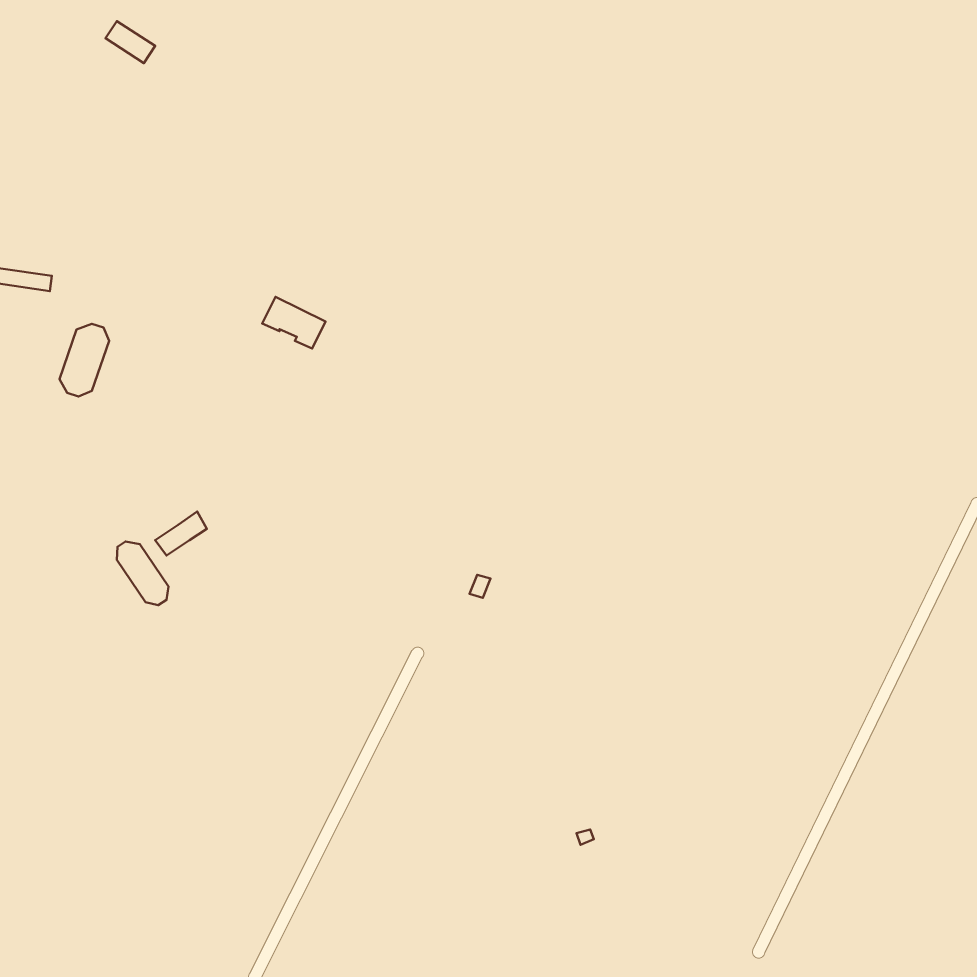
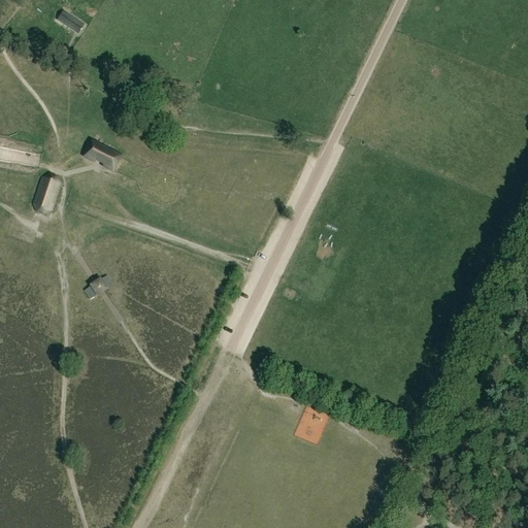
building: [262,297,325,348] -> [85,142,119,170]
building: [117,541,169,605] -> none

